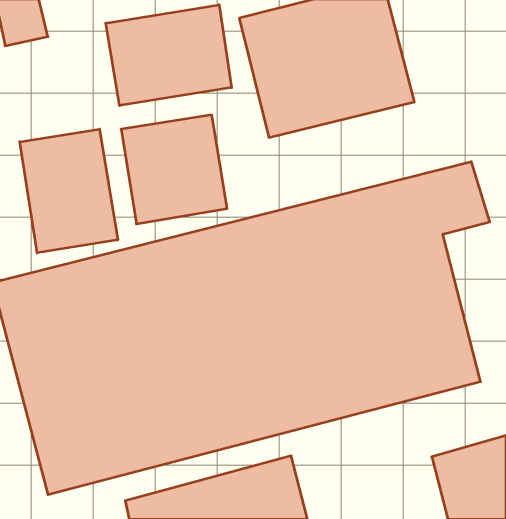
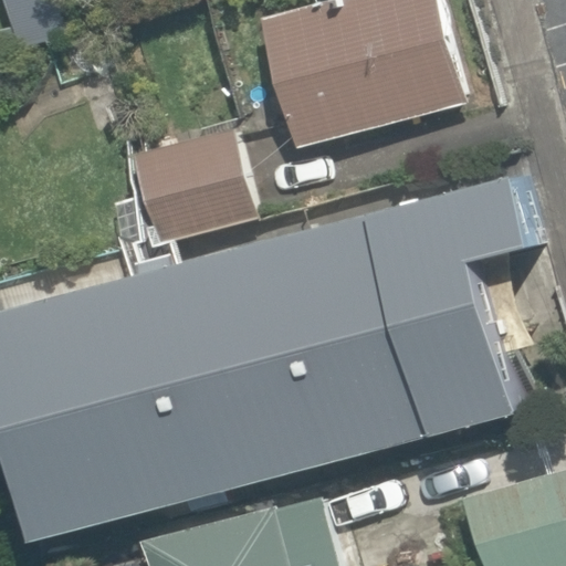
building: [106,5,232,106] -> none
building: [20,129,118,253] -> none

